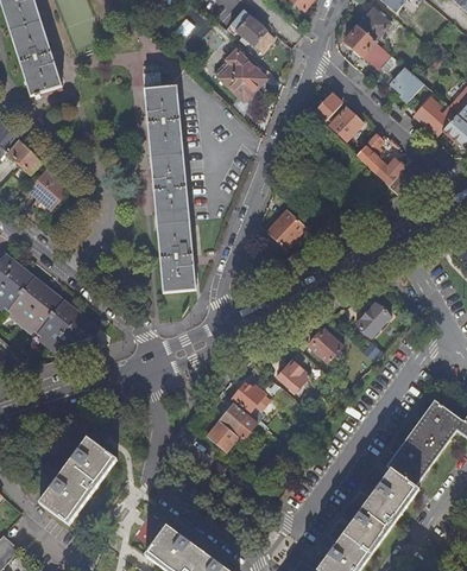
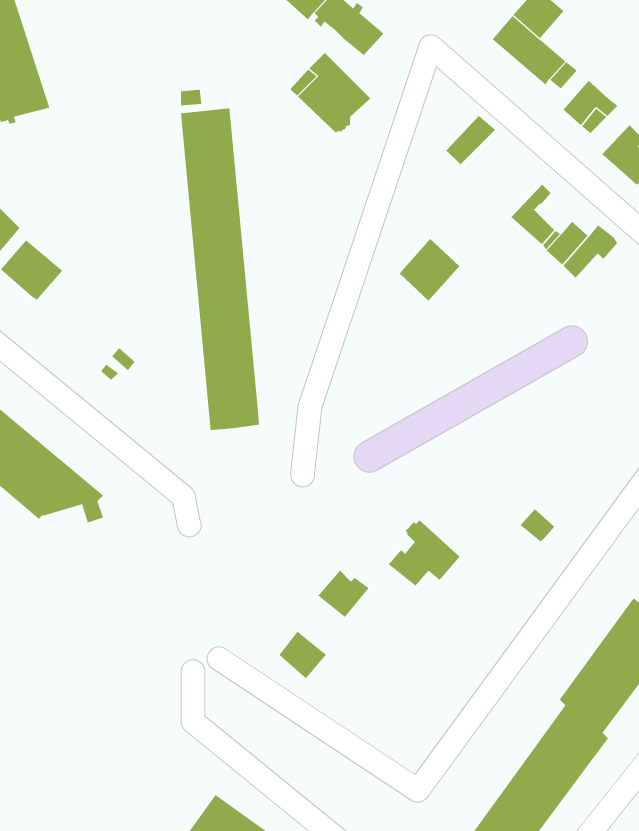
building: [329,107,362,140] -> none
building: [266,209,305,249] -> [399,238,460,301]
building: [355,303,389,336] -> none
building: [309,329,342,362] -> none
building: [219,401,257,438] -> none
building: [39,436,116,524] -> none

